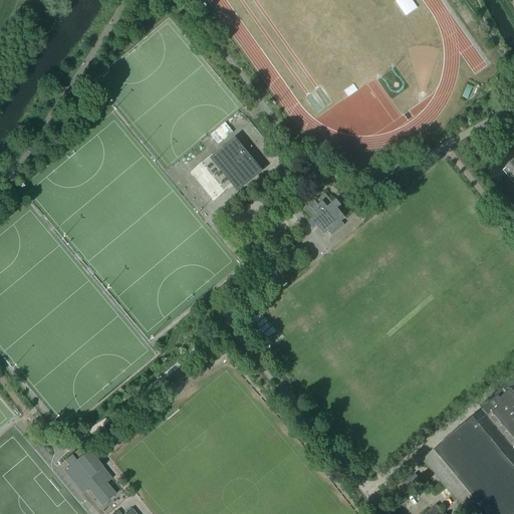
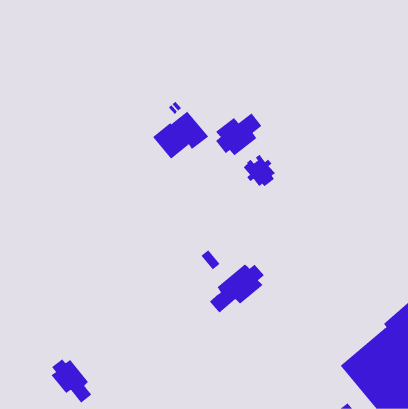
building: none -> [215,113,262,156]
building: none -> [209,264,265,313]

